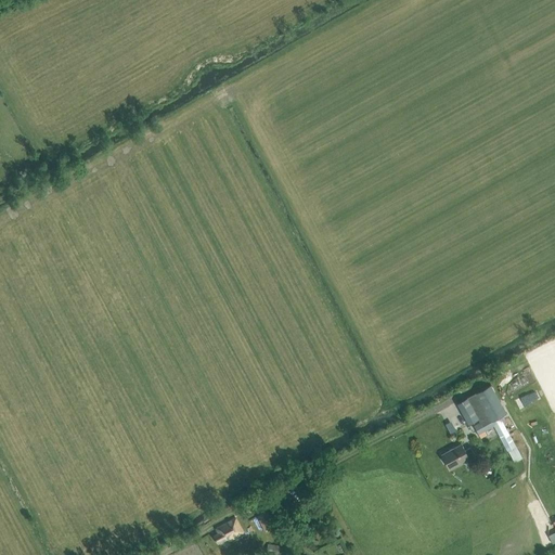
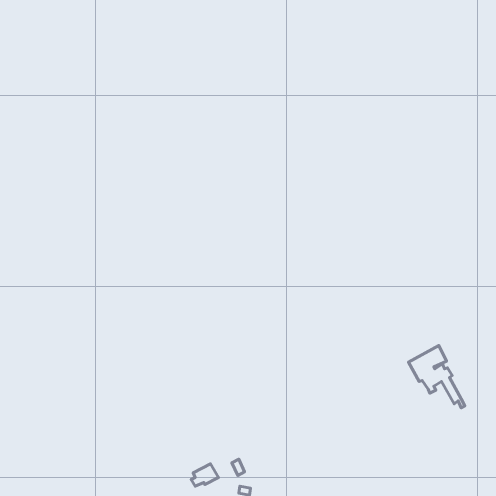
building: [442,443,475,468] -> none

